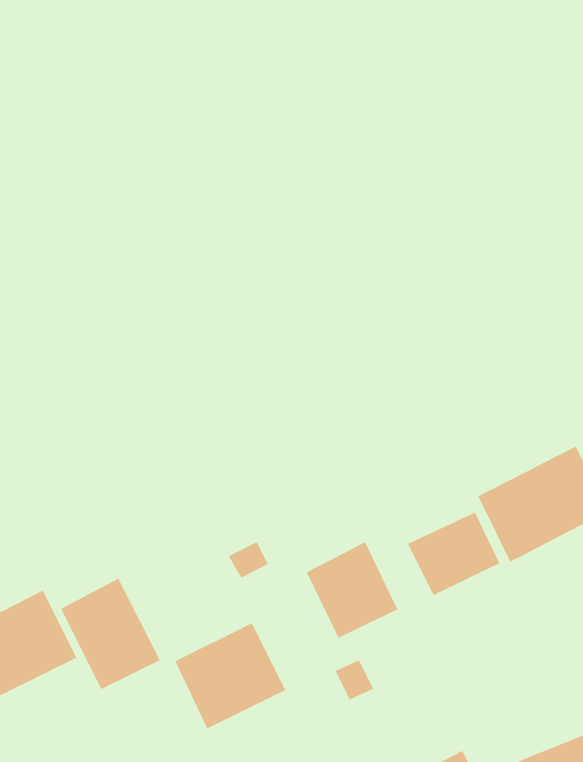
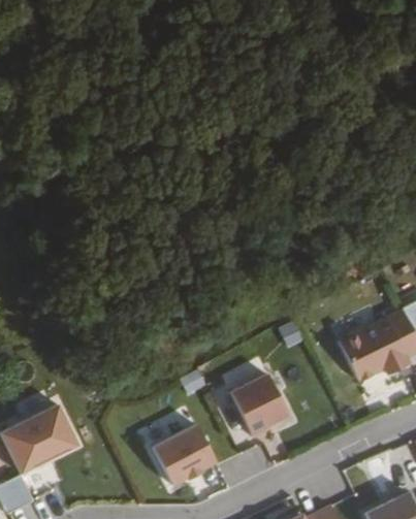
building: [407,512,500,596] -> none
building: [60,578,161,690] -> none

